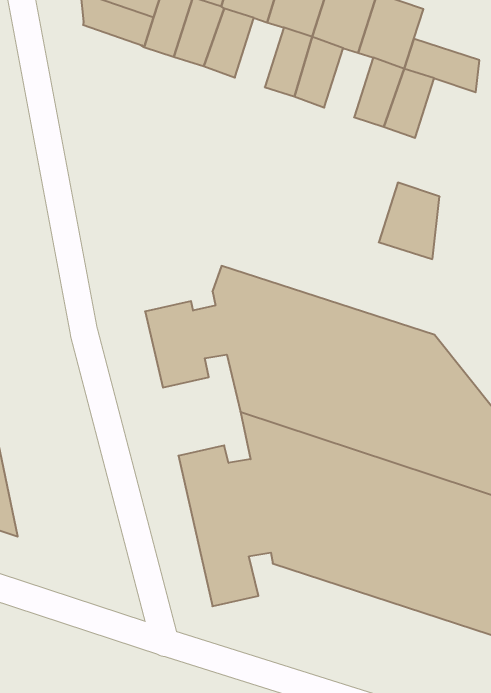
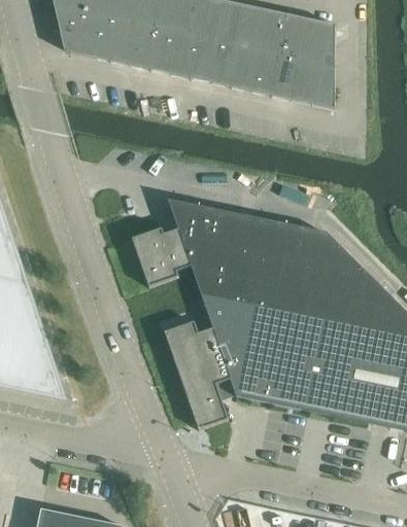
building: none -> [289,13,334,43]
building: none -> [172,32,201,77]
building: none -> [234,45,263,91]
building: [379,183,440,259] -> [297,59,334,107]

